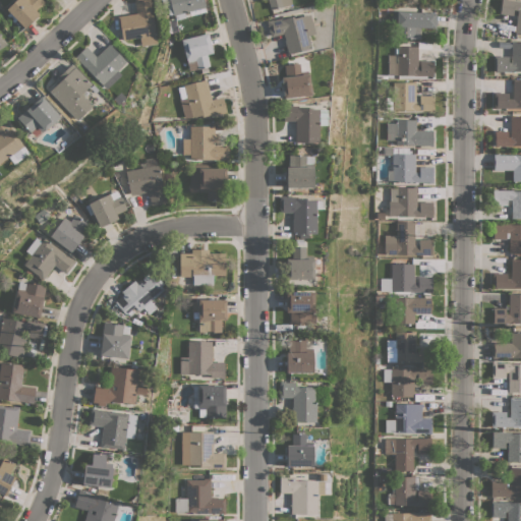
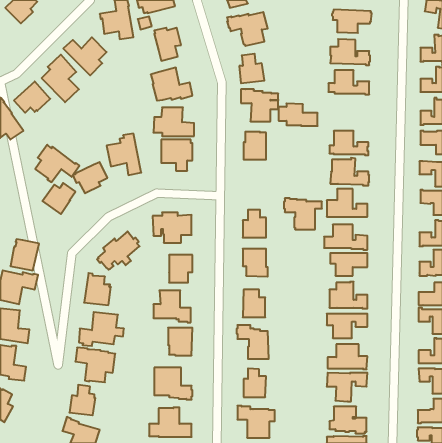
building: [388,119,433,146] -> [279,103,318,126]
building: [280,196,325,233] -> [284,198,322,229]
building: [24,236,76,280] -> [35,145,79,182]

